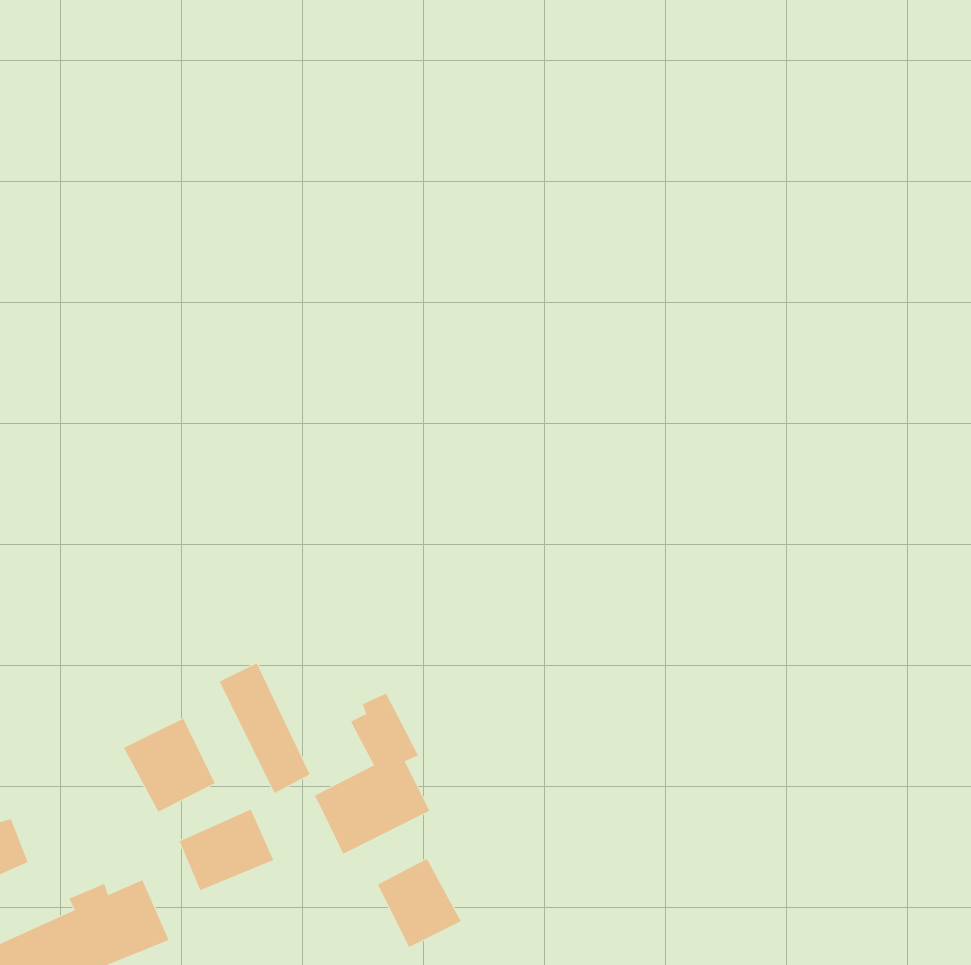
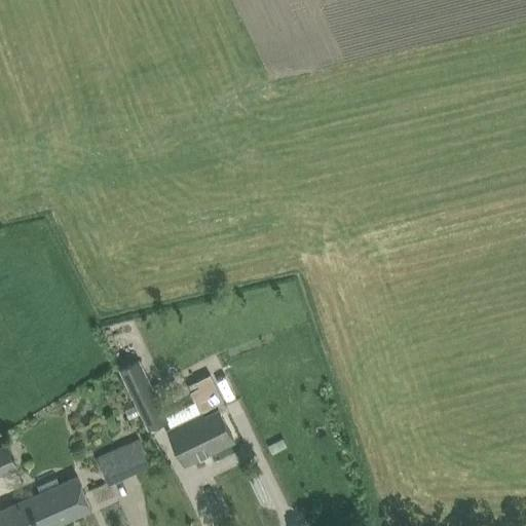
building: [123,718,215,813] -> none
building: [377,858,462,948] -> none

